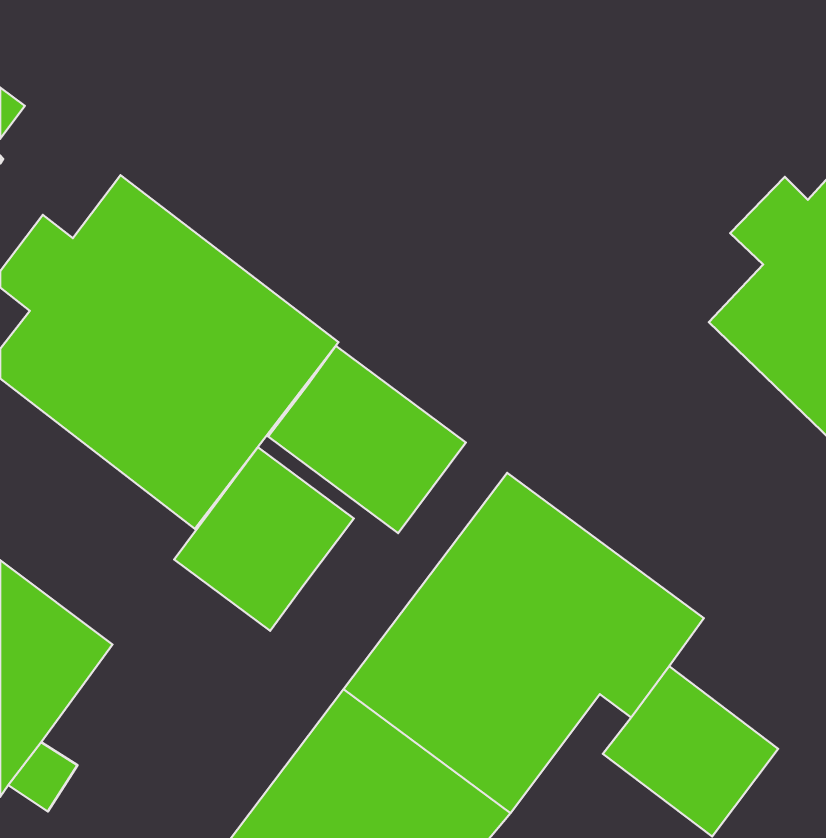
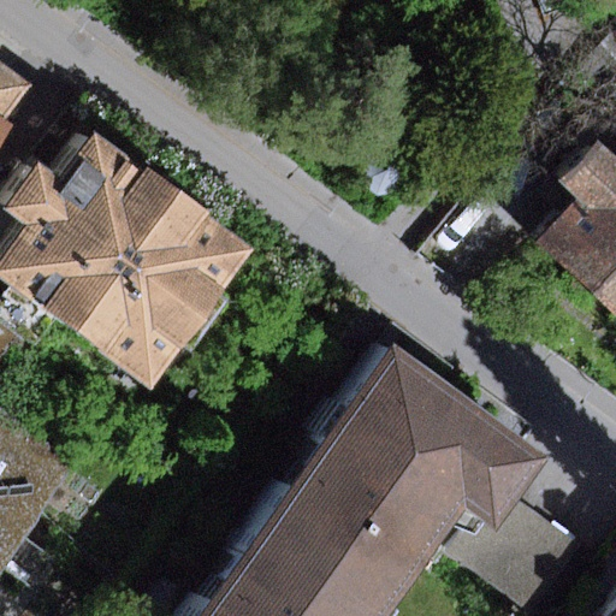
building: [268,346,466,533] -> none
building: [174,447,354,631] -> none

